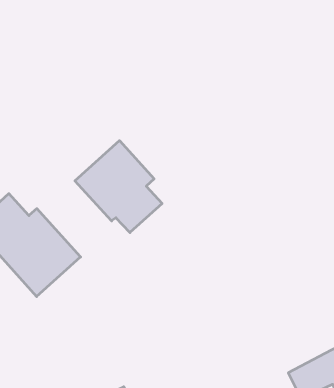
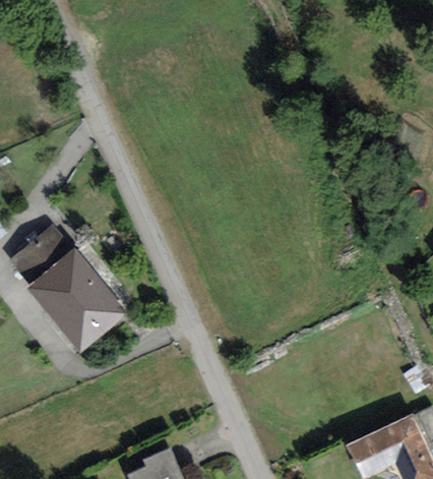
building: [75,141,162,233] -> none

